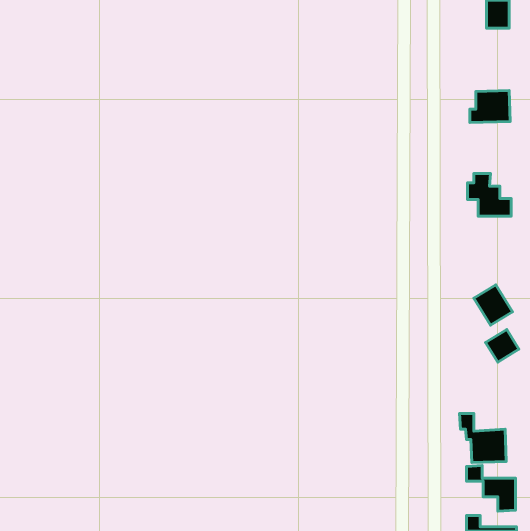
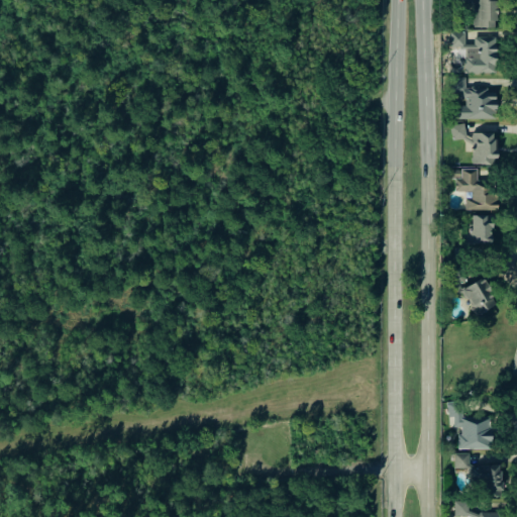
building: none -> [466,36,497,73]
building: none -> [451,124,497,165]
building: none -> [470,215,492,244]
building: [486,329,519,362] -> none

